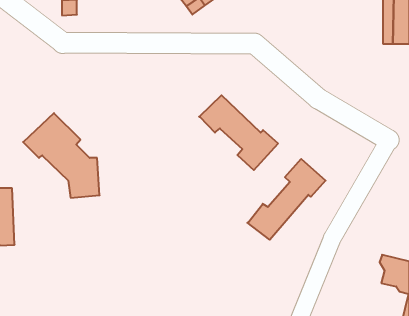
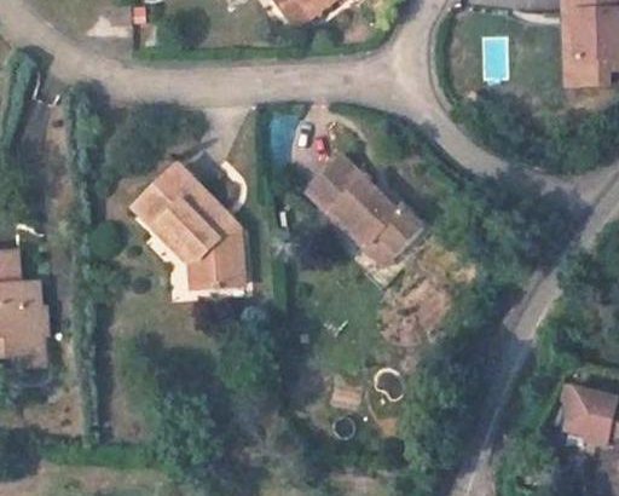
building: [23,113,100,198] -> [132,160,243,283]
building: [247,159,326,240] -> none

